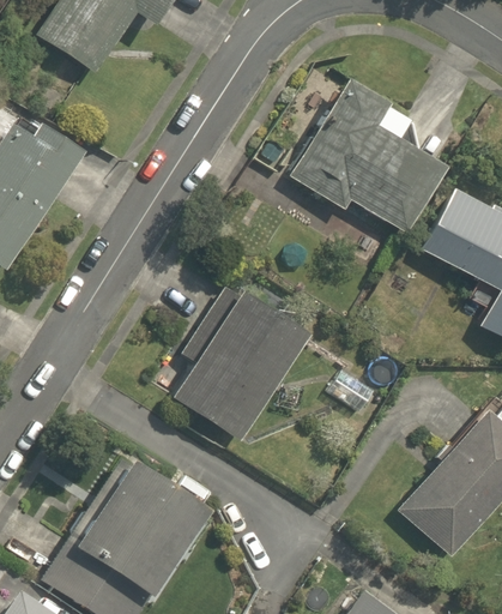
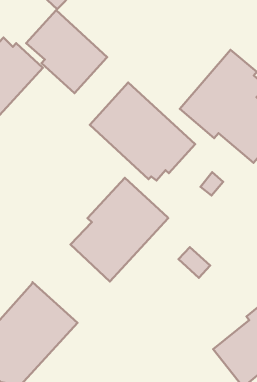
building: none -> [26,10,107,93]
building: none -> [90,83,195,181]

